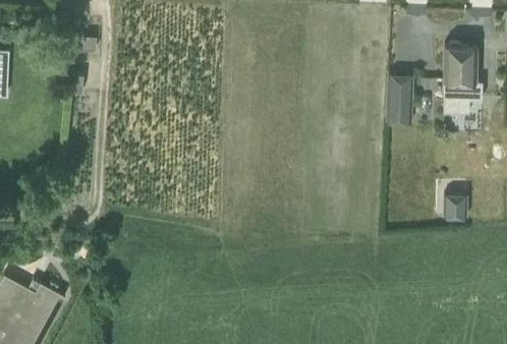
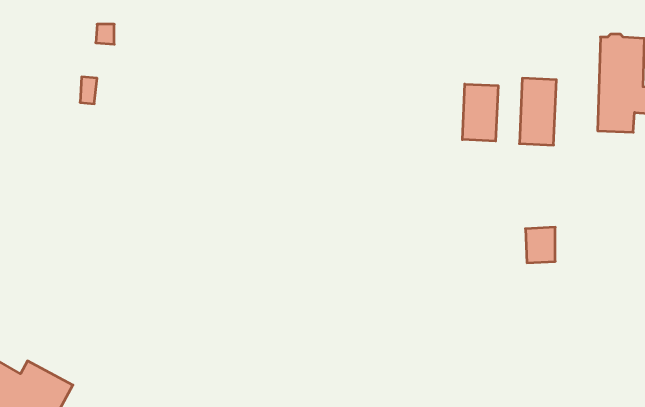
building: none -> [462,84,498,141]
building: [445,194,466,220] -> [525,227,555,263]

